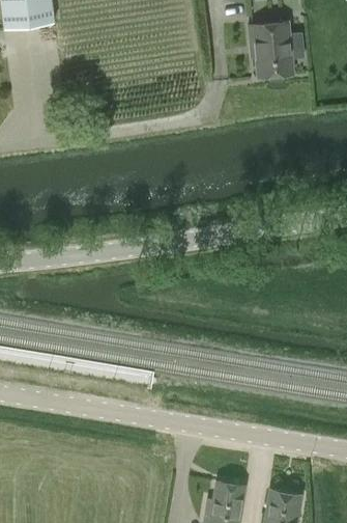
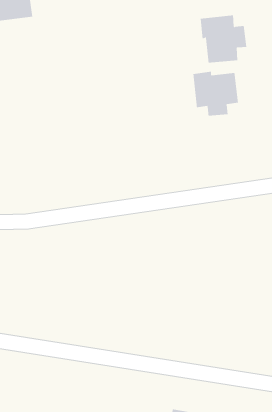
building: none -> [193,71,239,117]

